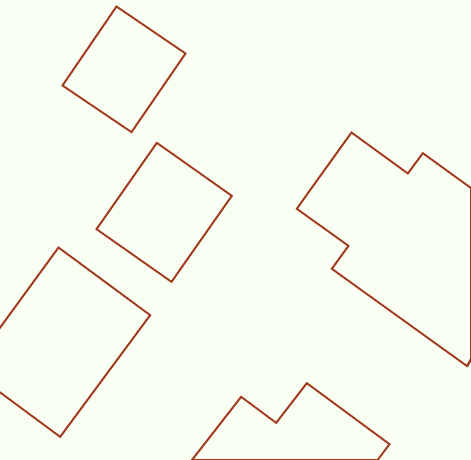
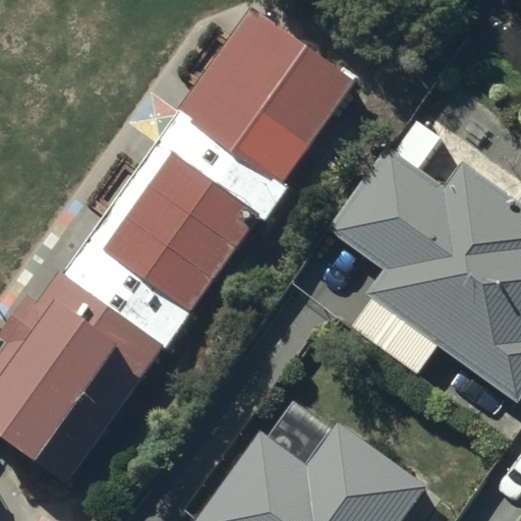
building: [63,7,185,132] -> none
building: none -> [184,8,356,180]

